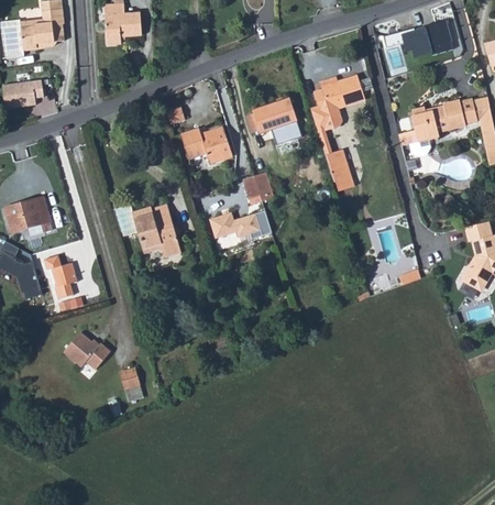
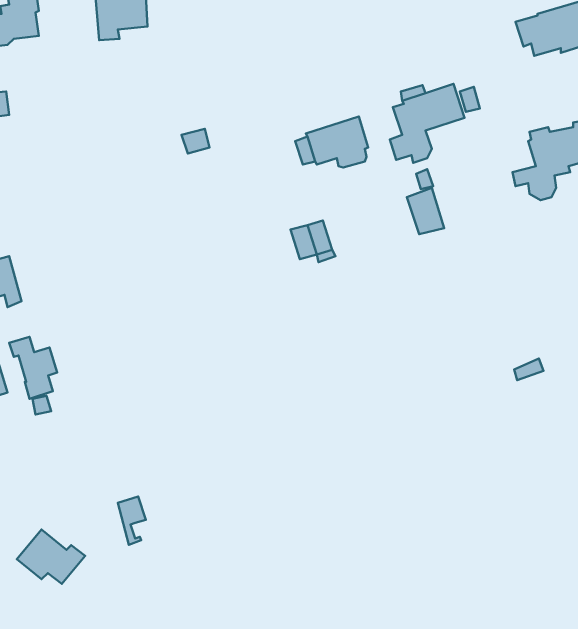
building: [180,125,233,163] -> none
building: [132,204,182,257] -> none
building: [209,210,271,238] -> none
building: [63,332,111,371] -> [17,530,85,584]

